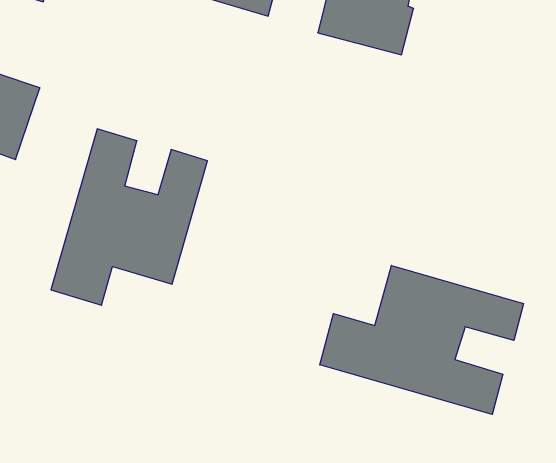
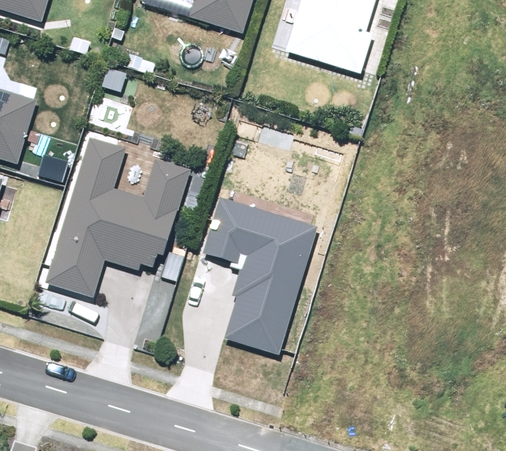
building: none -> [200,195,316,353]
building: [320,265,524,414] -> none

